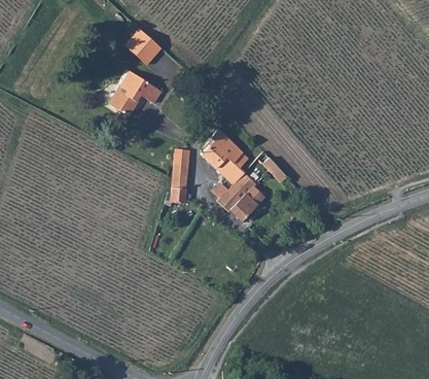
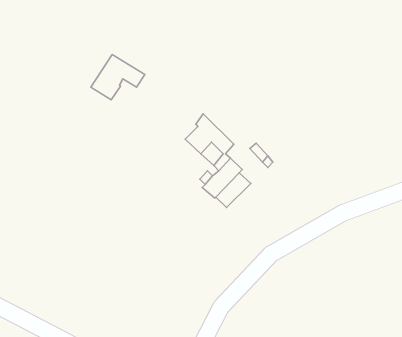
building: [124,29,160,64] -> none
building: [165,148,190,205] -> none

